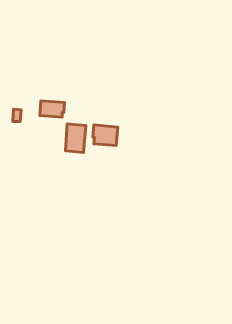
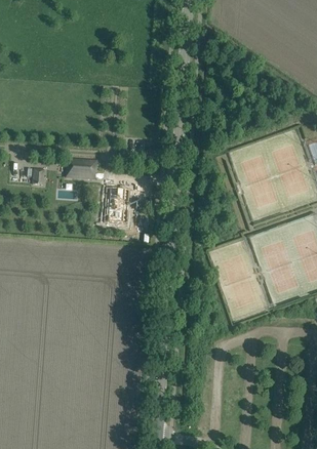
building: [93,125,118,146] -> none

